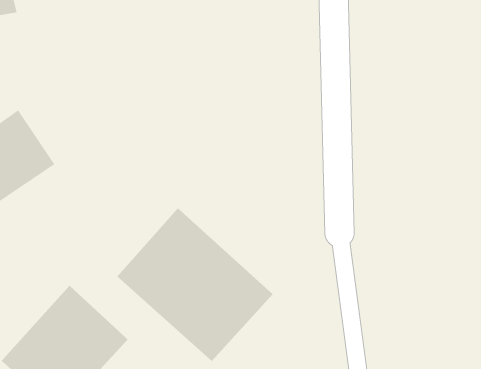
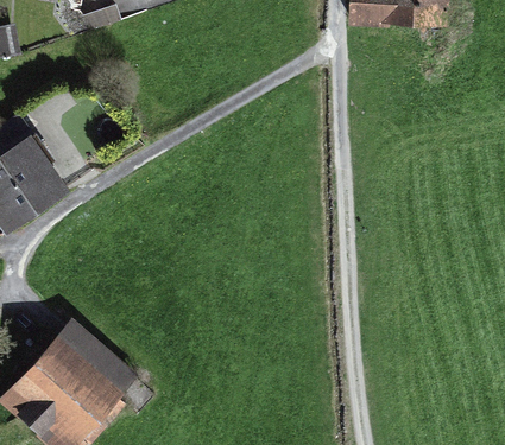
building: [116,208,274,362] -> none

